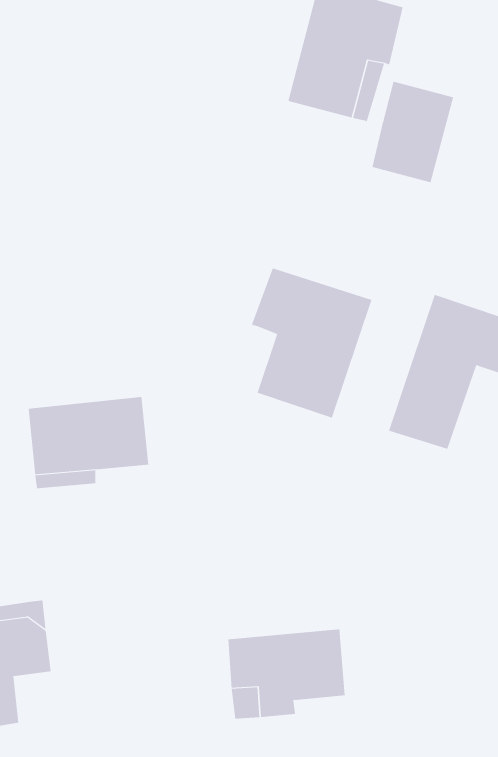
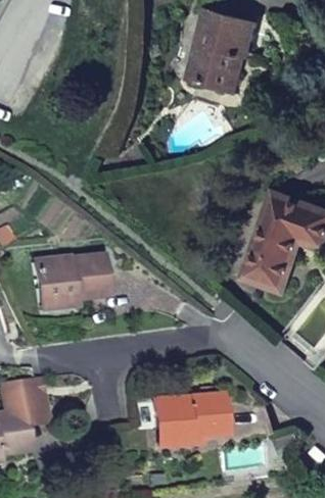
building: [372,81,454,183] -> none
building: [251,268,372,419] -> none

